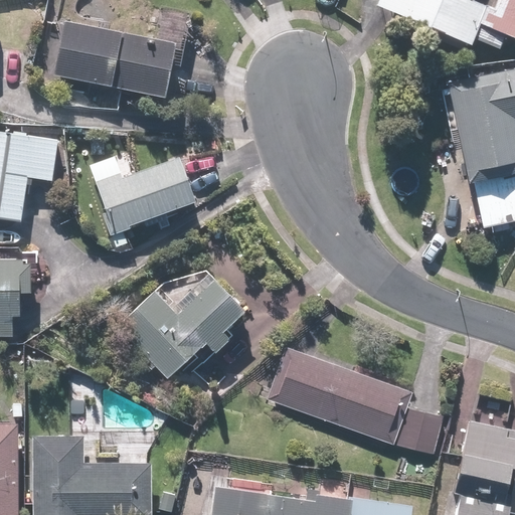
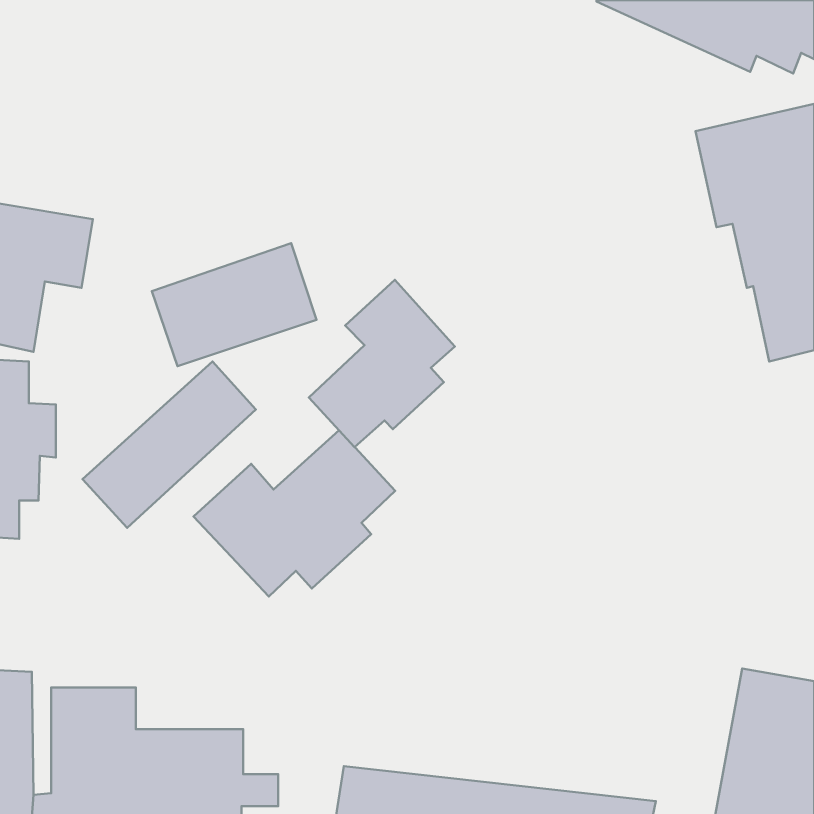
building: [38,6,191,97] -> none
building: none -> [309,280,455,447]
building: none -> [82,361,256,528]
building: [266,344,444,457] -> none

